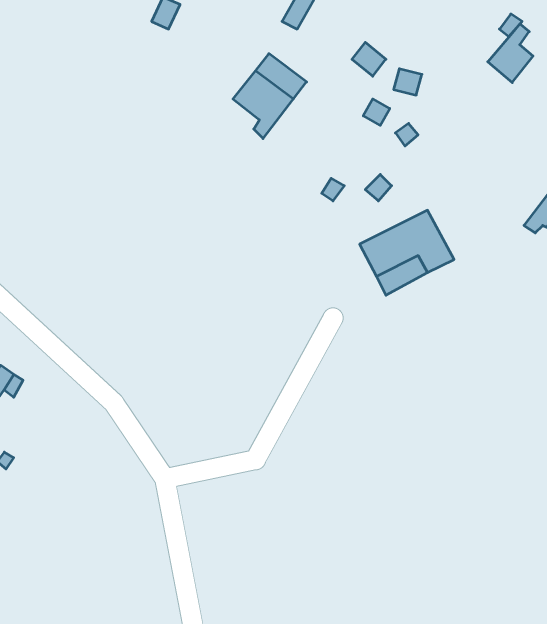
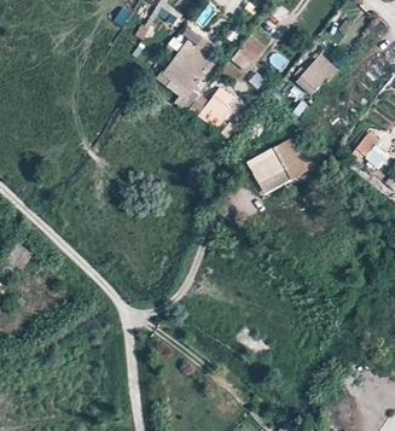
building: [488,24,533,83] -> [296,56,325,93]
building: none -> [203,86,233,122]

